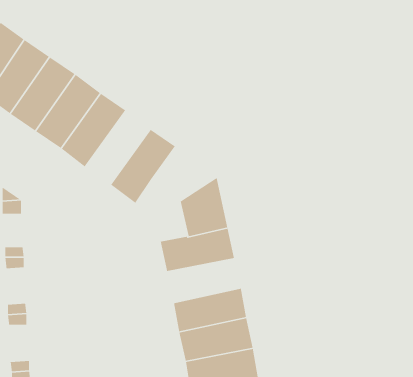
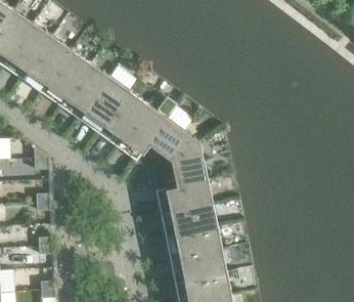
building: none -> [97,89,147,146]
building: none -> [148,117,198,159]
building: none -> [160,203,217,236]

